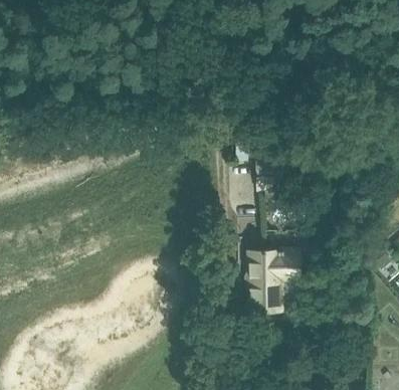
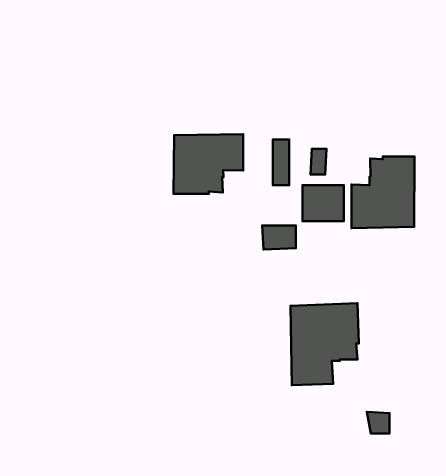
building: none -> [174,134,243,194]
building: none -> [352,156,415,228]

